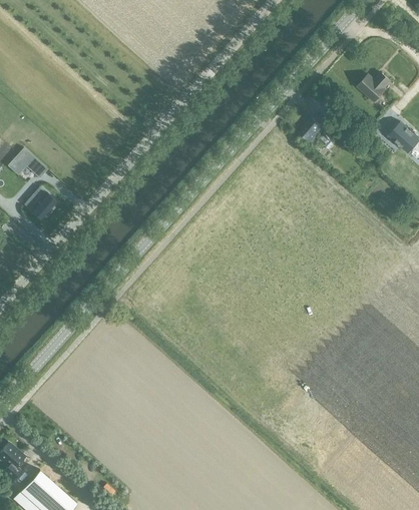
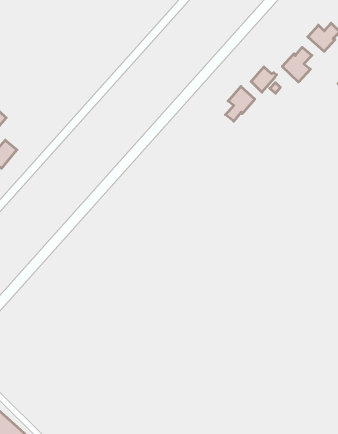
building: none -> [282,47,312,82]
building: none -> [225,86,255,121]

